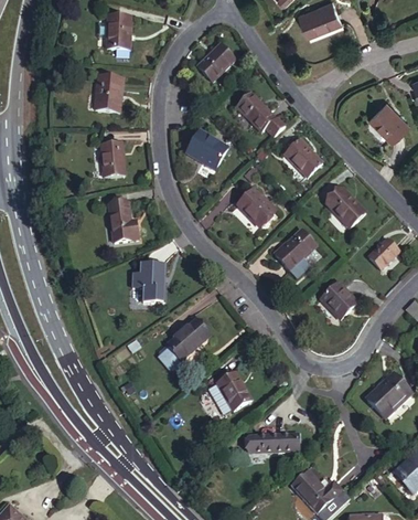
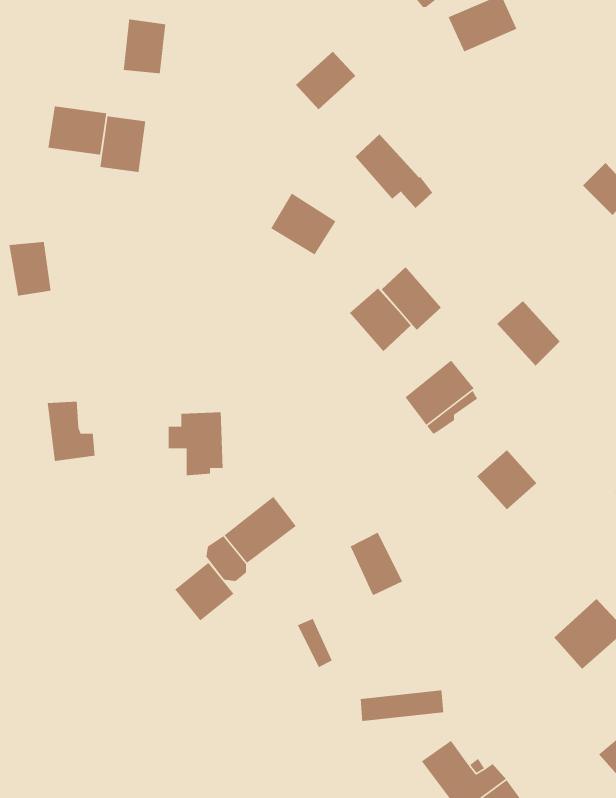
building: none -> [48,105,107,156]
building: [288,136,325,176] -> [381,266,442,331]
building: [93,145,119,179] -> [9,241,52,297]
building: [103,202,132,240] -> [47,401,95,462]
building: [367,242,397,272] -> none
building: none -> [174,562,235,621]
building: [216,375,249,415] -> [349,532,403,596]

